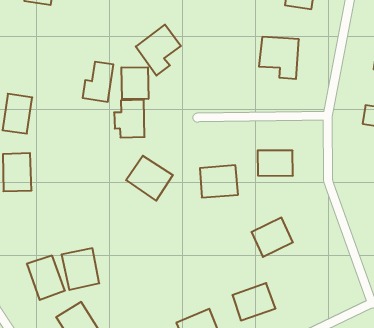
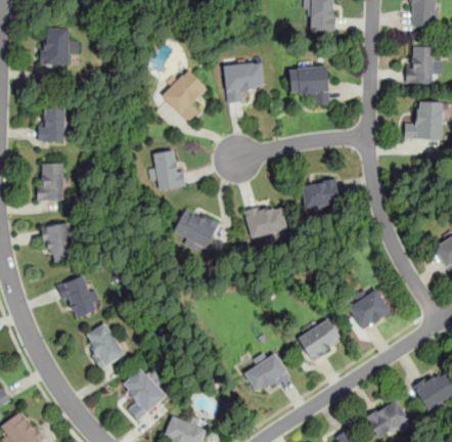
building: none -> [222,61,264,104]
building: [83,62,113,102] -> [38,103,64,142]
building: [121,67,148,99] -> none
building: [251,218,293,257] -> [347,289,391,332]
building: [61,248,99,290] -> [57,273,100,319]

